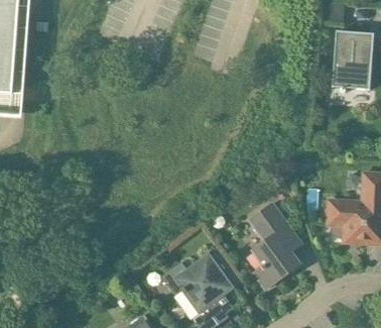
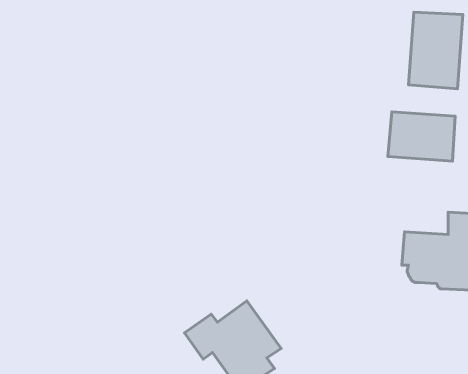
building: none -> [388,112,455,161]
building: [252,203,301,289] -> none

